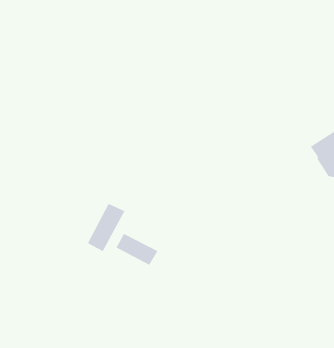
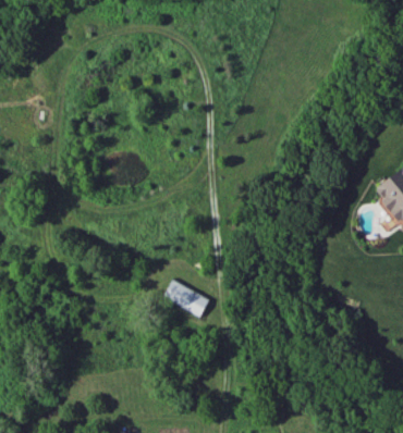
building: [87,203,126,252] -> none

